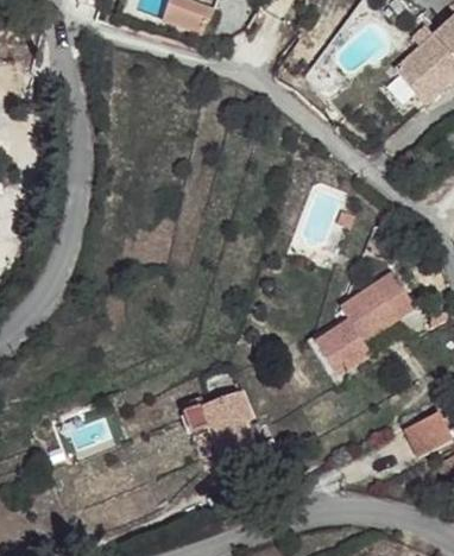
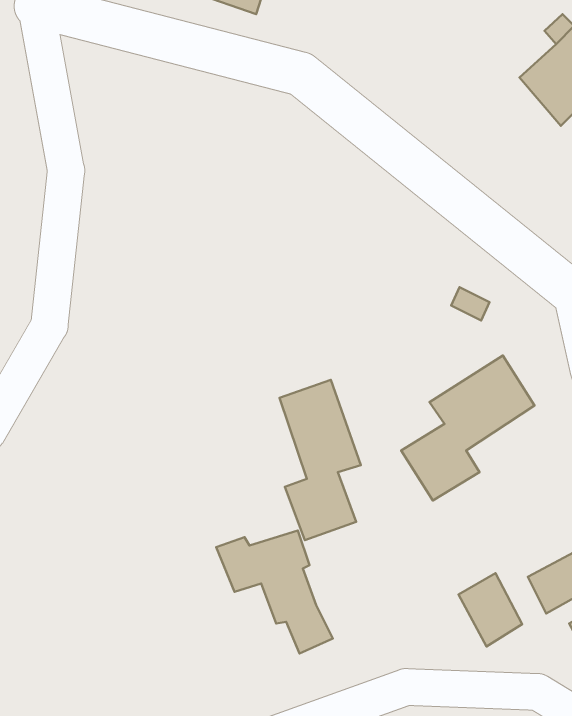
building: none -> [279,380,361,540]
building: none -> [459,573,522,647]

